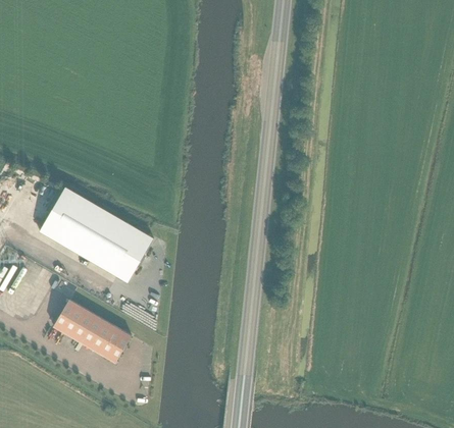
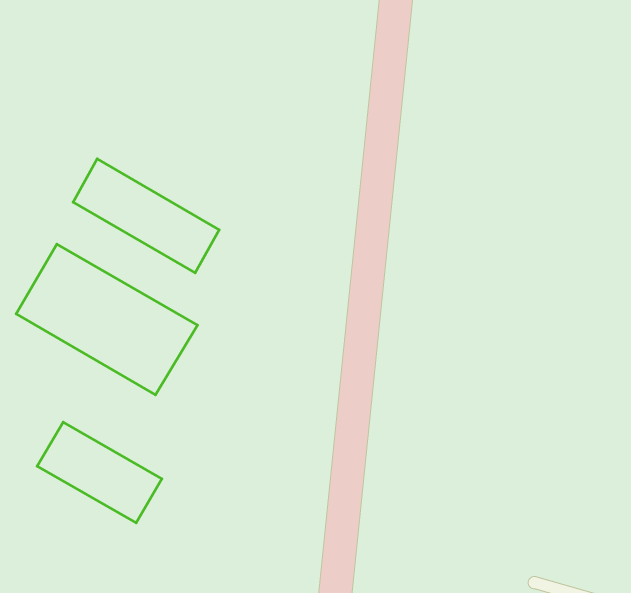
building: none -> [73,159,219,273]

